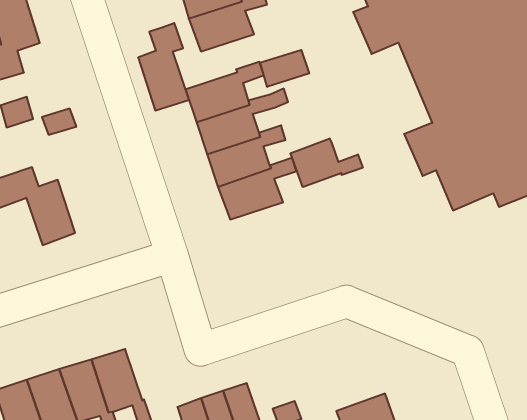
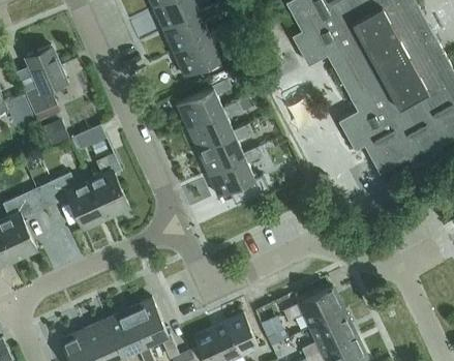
building: [138,23,189,111] -> [90,153,130,218]
building: [260,50,309,87] -> none
building: [290,138,363,187] -> none
building: none -> [284,288,344,328]

